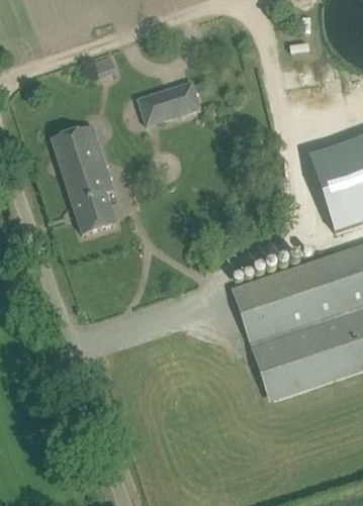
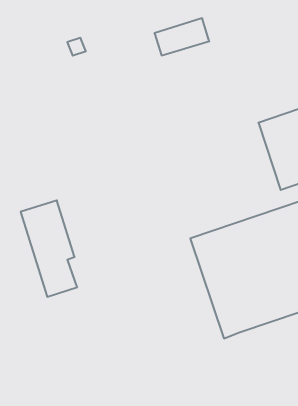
building: [138,83,200,125] -> [154,18,209,55]
building: [51,125,115,235] -> [21,200,77,297]

